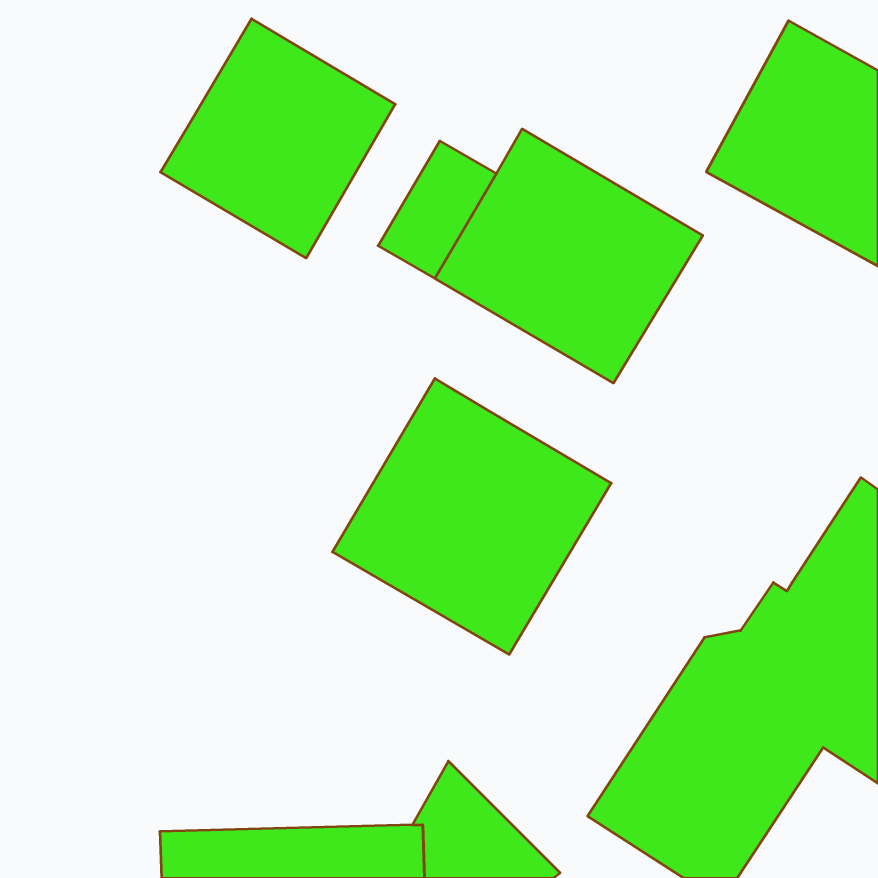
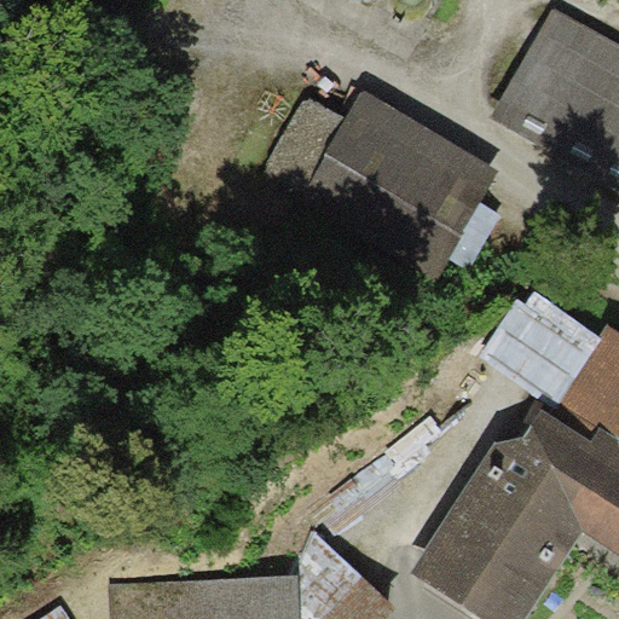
building: [160,19,395,258] -> none
building: [332,378,611,654] -> none
building: none -> [484,300,598,410]

